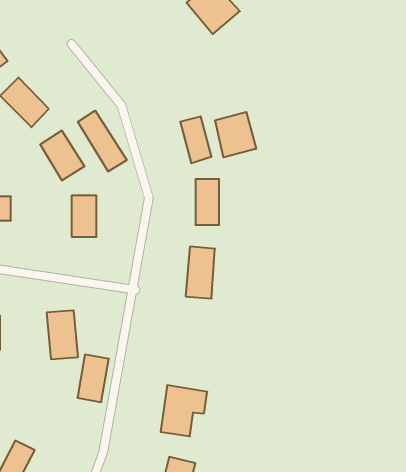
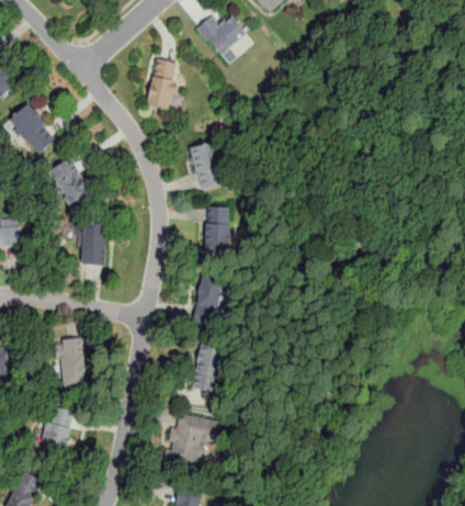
building: none -> [147,59,179,110]
building: [78,111,127,172] -> none
building: [215,112,256,157] -> none
building: none -> [190,344,228,394]
building: [77,354,109,402] -> [42,406,73,454]

